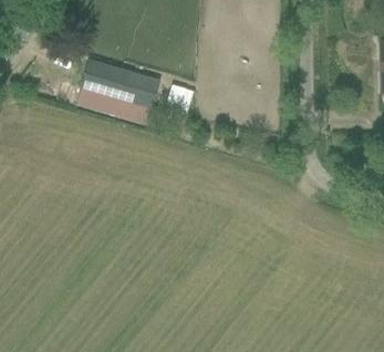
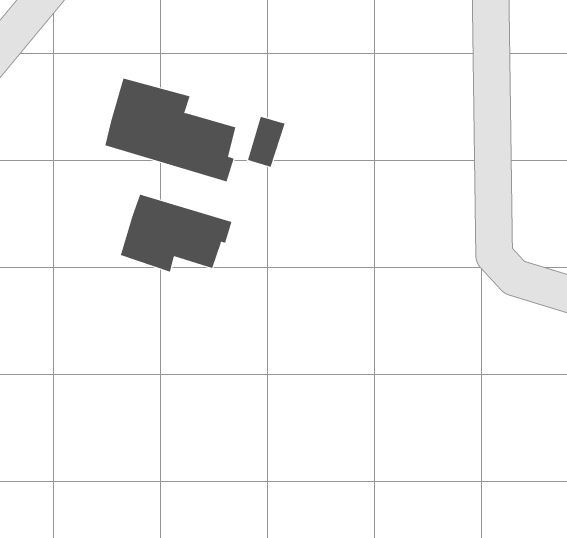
building: none -> [120,194,232,272]

